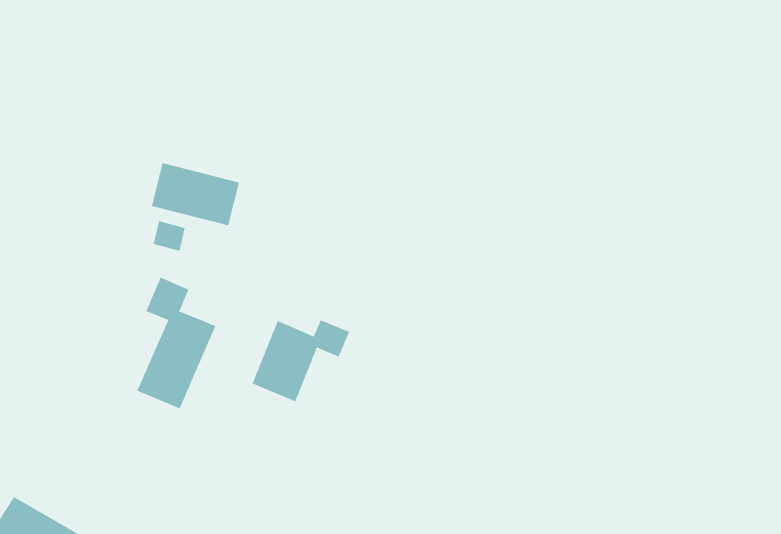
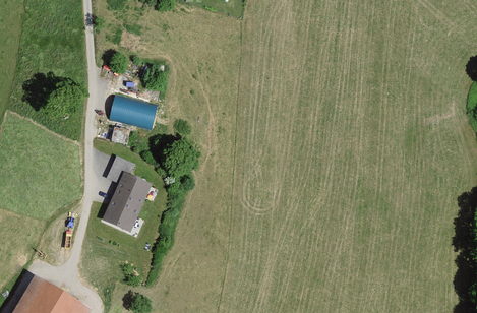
building: [252,319,350,402] -> none

